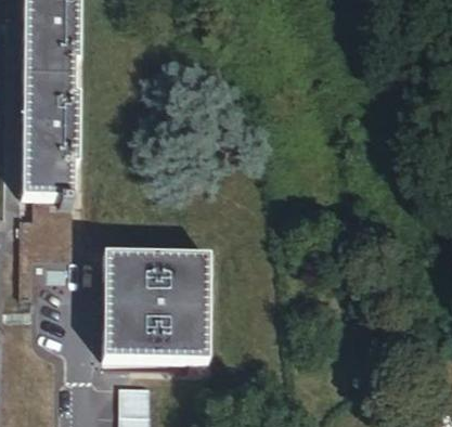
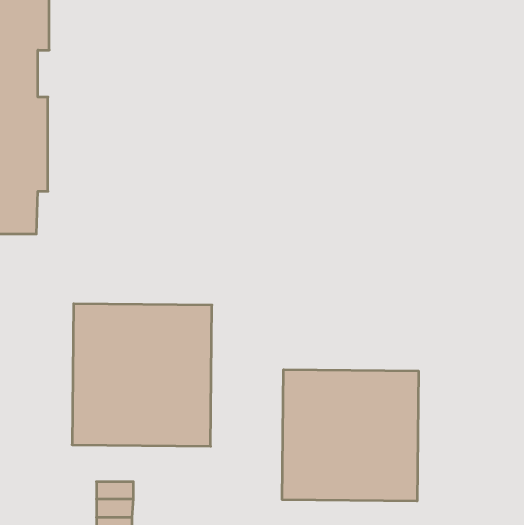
building: none -> [282,370,418,501]

